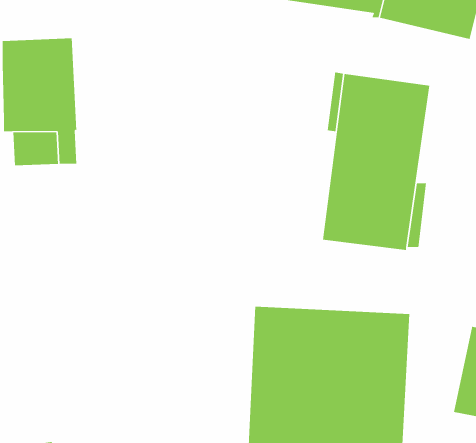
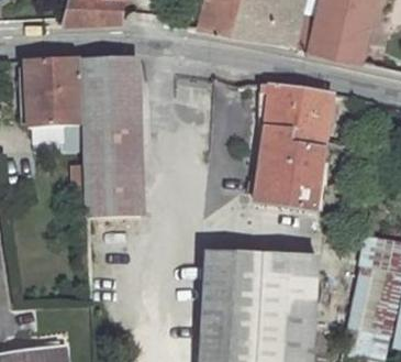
building: none -> [85,57,142,218]

